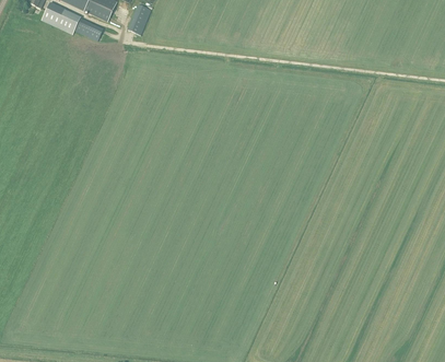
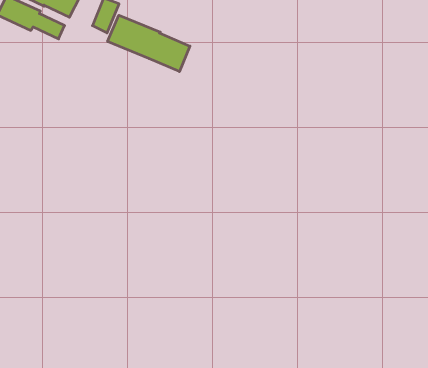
building: none -> [108,15,190,72]

